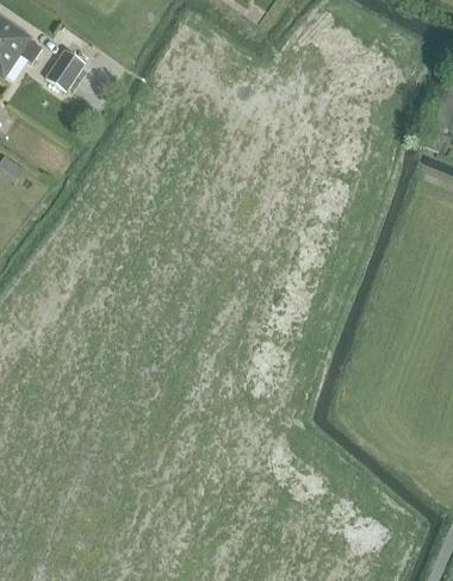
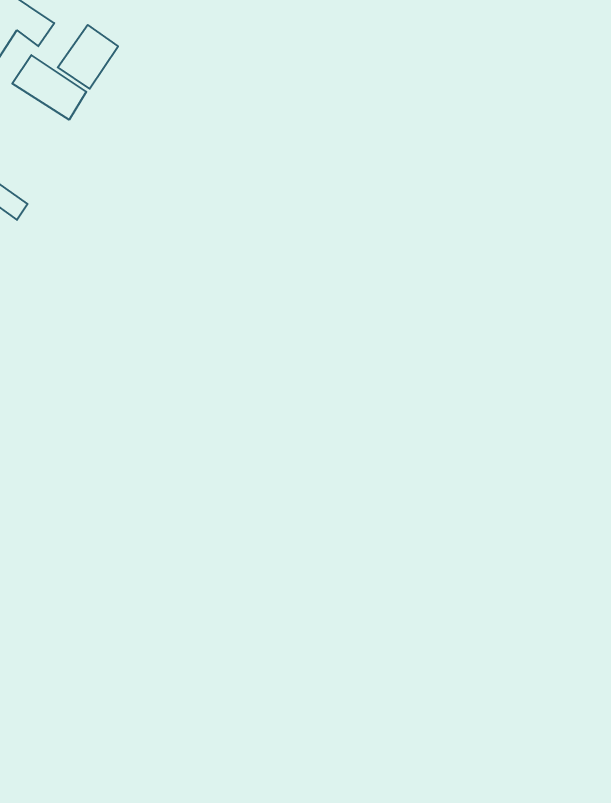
building: none -> [12,55,86,120]

